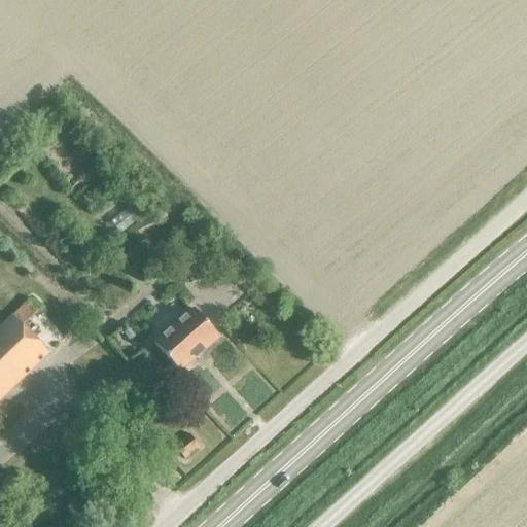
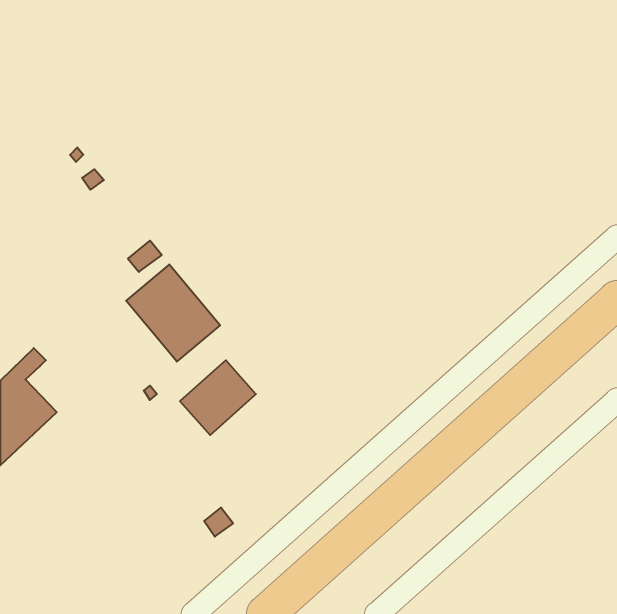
building: none -> [126,264,220,362]

